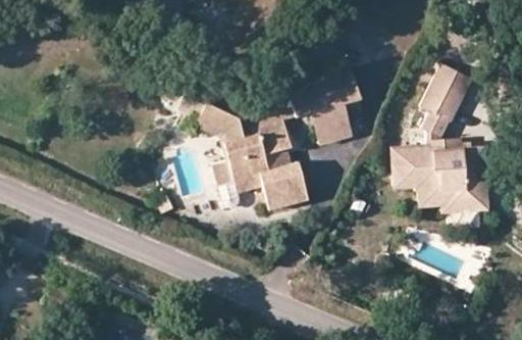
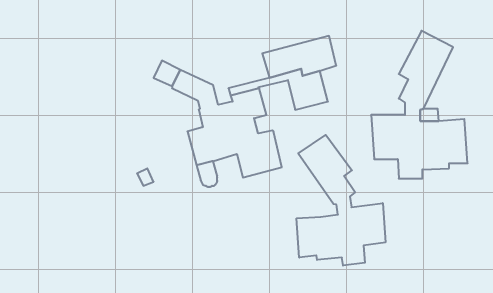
building: none -> [297,135,385,266]
building: [443,194,489,217] -> none

